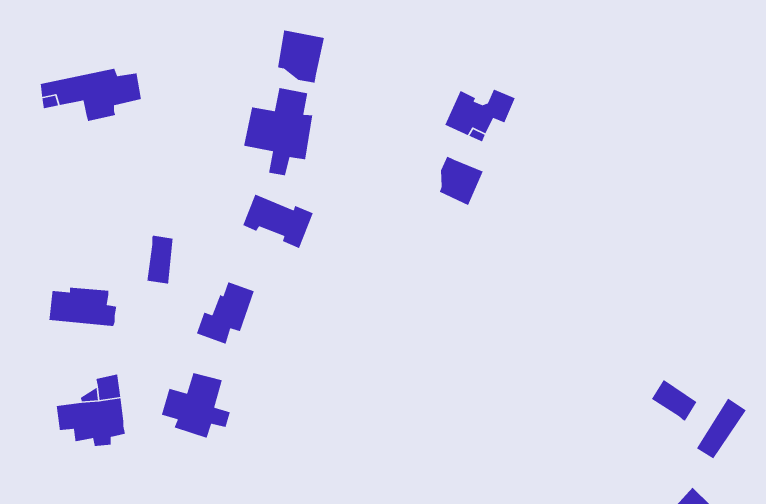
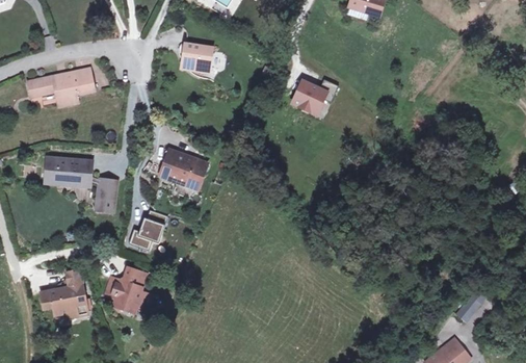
building: [243,87,313,176] -> none
building: [439,156,484,206] -> none
building: [49,287,117,327] -> [46,156,90,182]
building: [651,379,698,421] -> none

